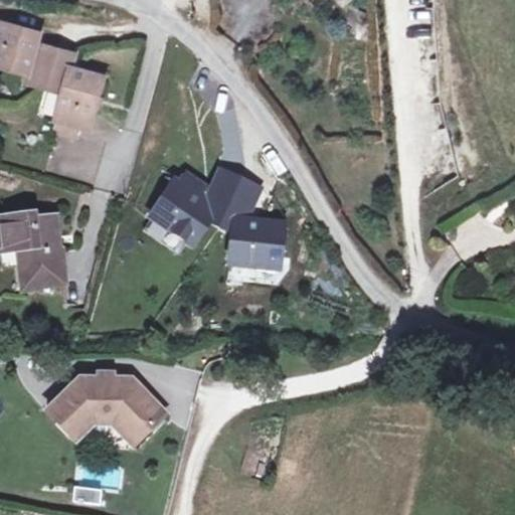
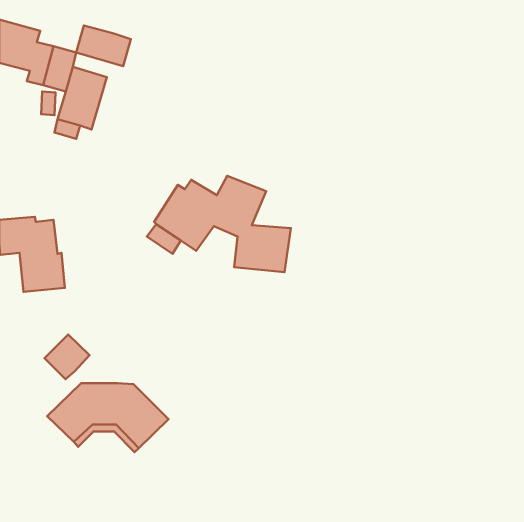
building: none -> [76,25,131,66]
building: none -> [44,334,89,379]

